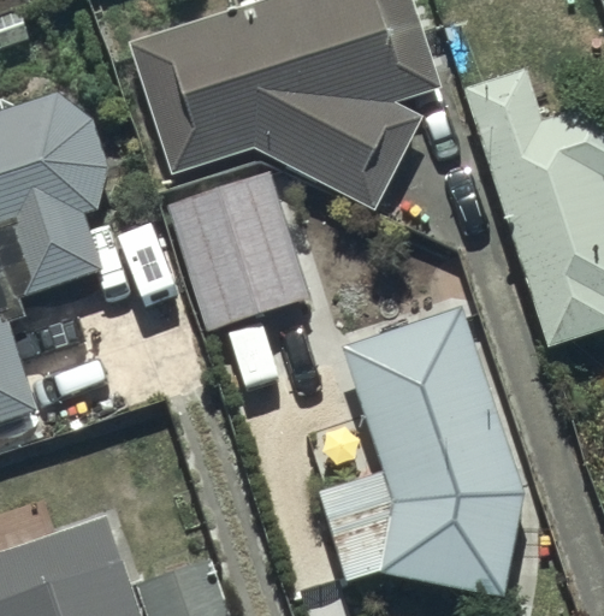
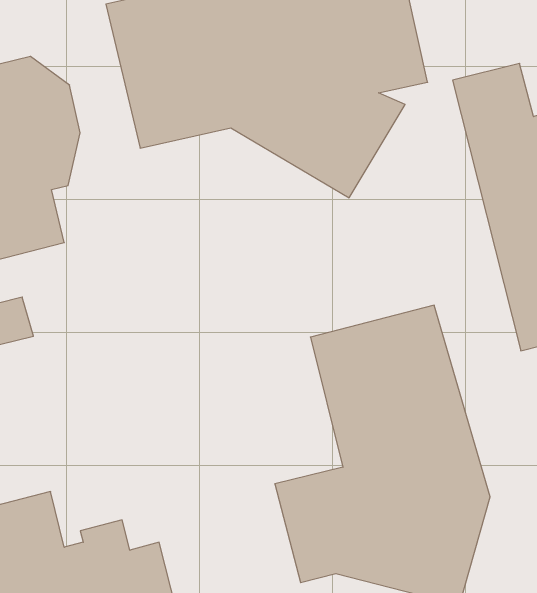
building: [170,174,307,334] -> none

